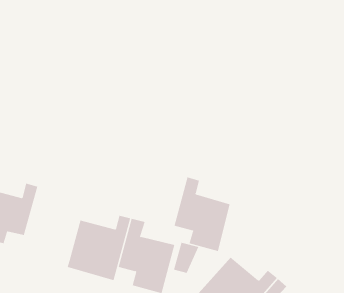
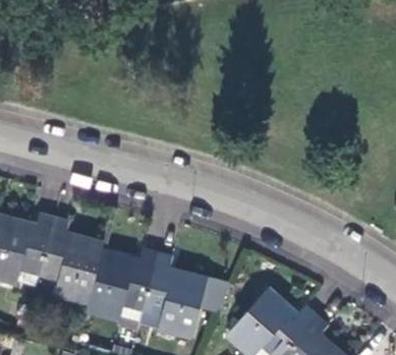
building: [174,176,230,252] -> none
building: none -> [40,218,103,299]

